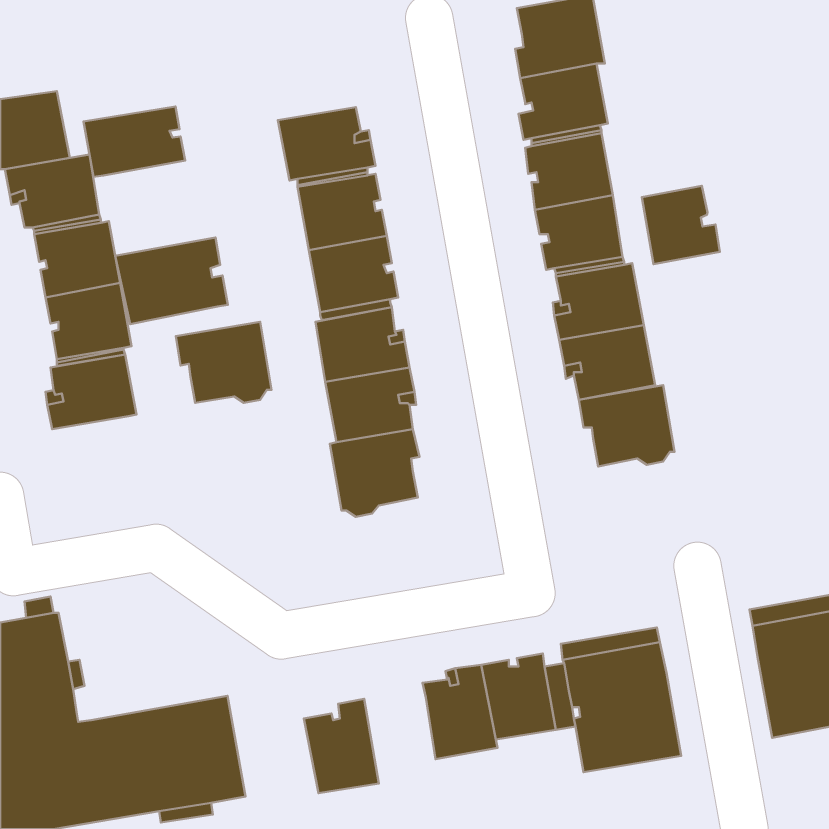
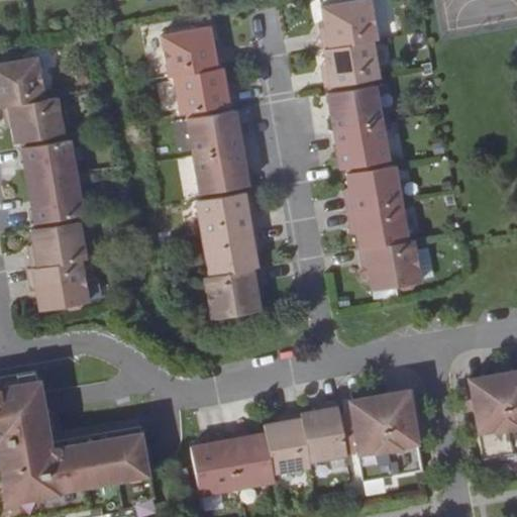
building: none -> [162,25,222,76]
building: [84,106,185,177] -> none
building: [642,186,720,264] -> none
building: [115,237,228,324] -> none
building: [176,322,272,403] -> [28,258,88,309]
building: none -> [227,431,274,487]

